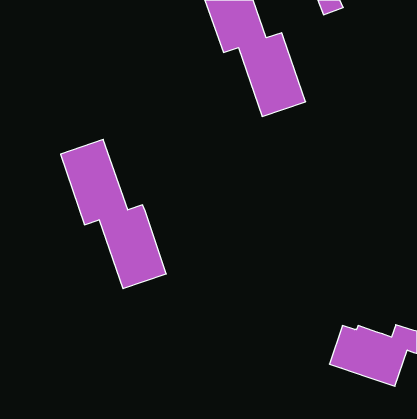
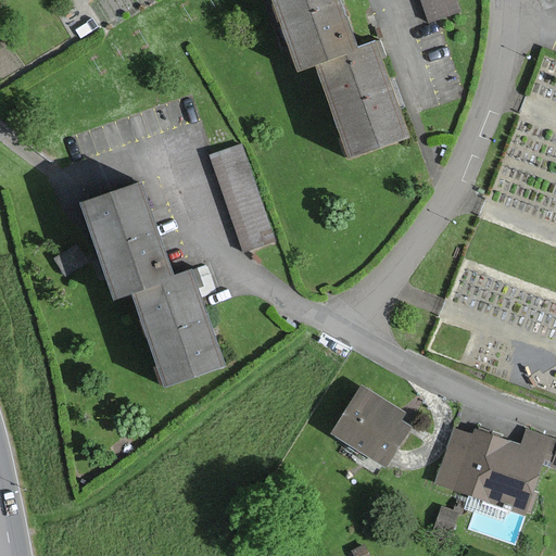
building: none -> [210,146,270,249]
building: none -> [332,388,406,465]

